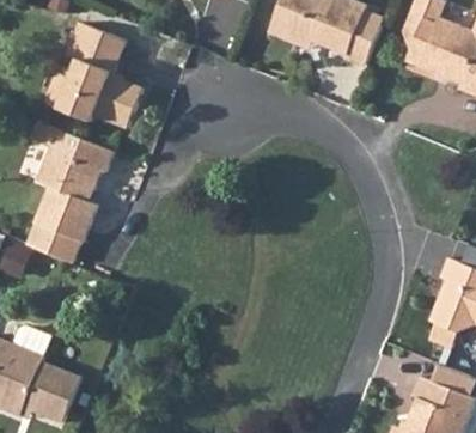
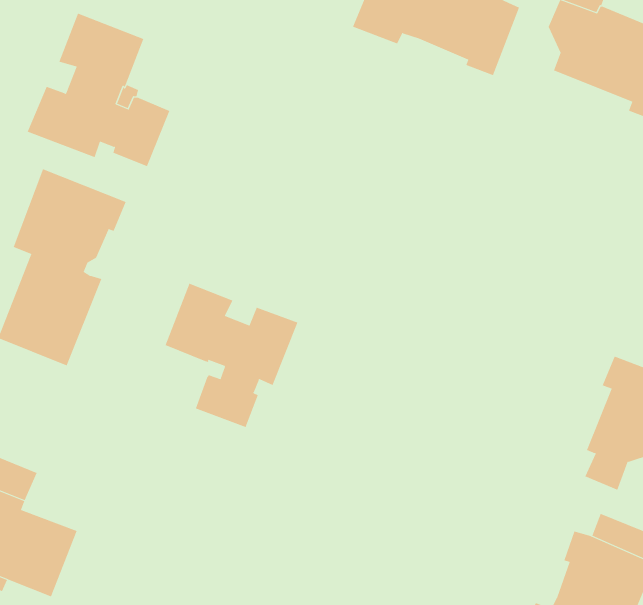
building: none -> [165,283,298,428]

